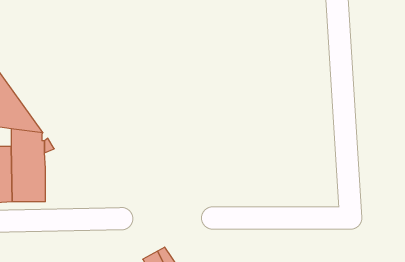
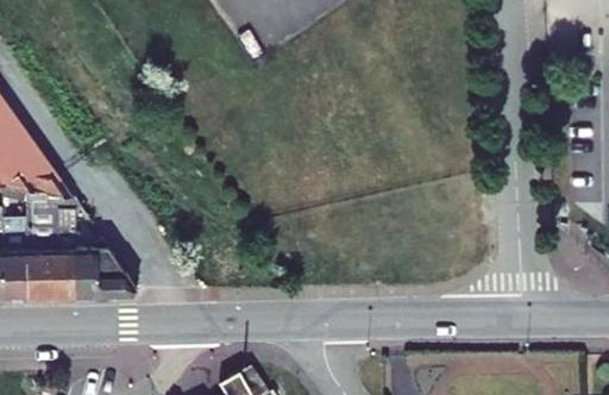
building: none -> [76,238,137,299]

